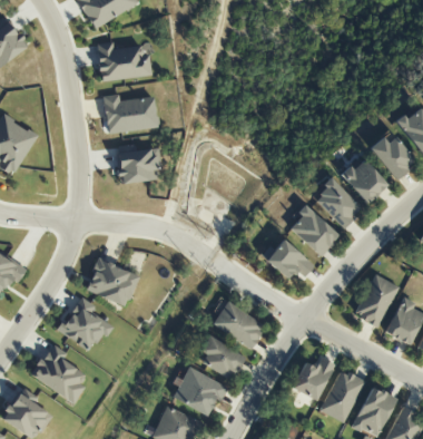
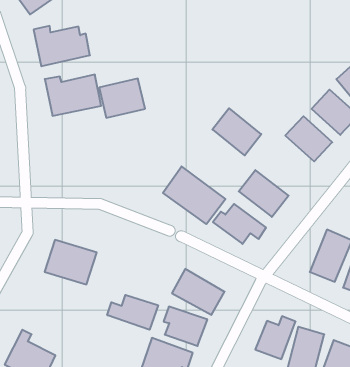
building: [116,147,160,184] -> [99,79,145,118]
building: [313,178,362,227] -> [212,108,261,155]
building: none -> [163,166,225,224]
building: [58,295,112,350] -> none
building: none -> [107,295,158,330]

